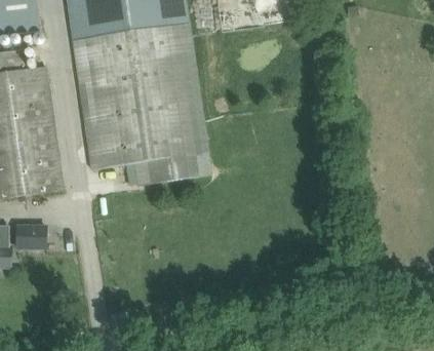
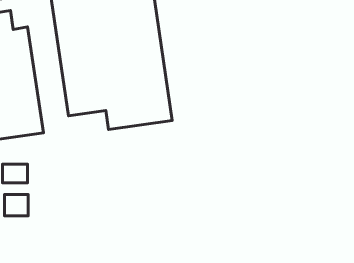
building: none -> [5,194,28,216]

